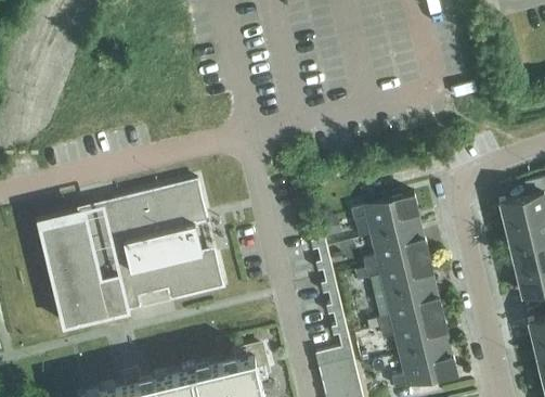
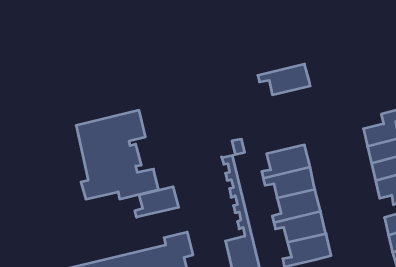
building: [350,197,420,239] -> [258,64,310,95]
building: [36,203,130,329] -> none
building: none -> [135,187,179,217]

